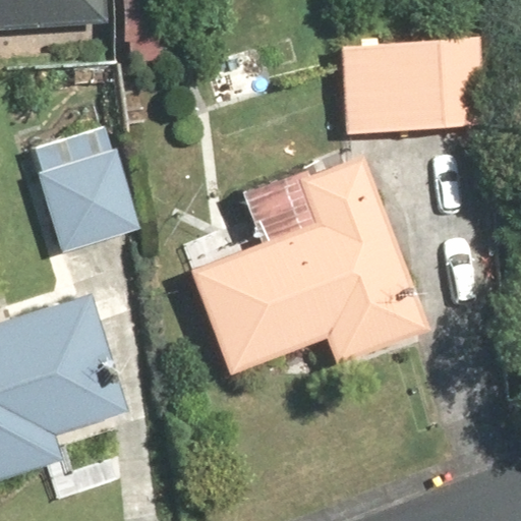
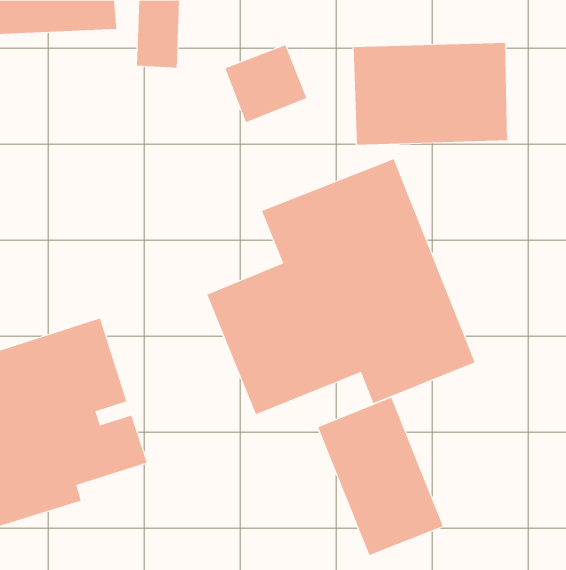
building: [26,122,142,255] -> none
building: none -> [318,397,443,556]

